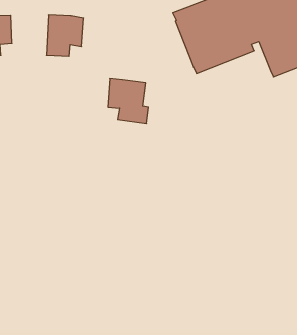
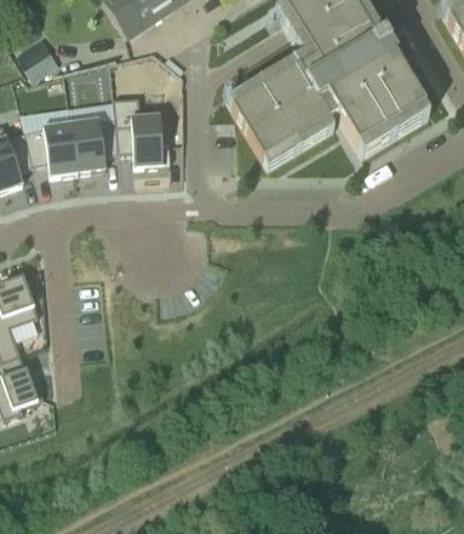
building: none -> [29,122,81,176]
building: [108,79,148,124] -> [119,116,173,167]

